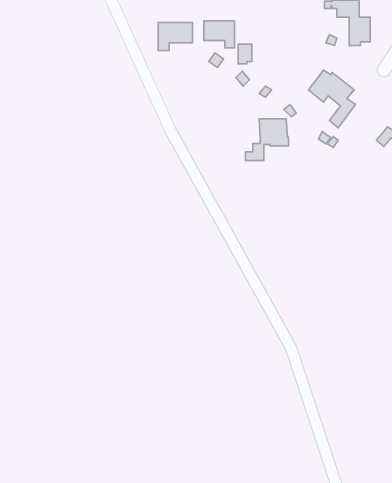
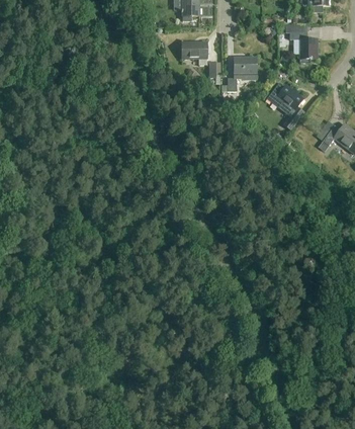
building: [158,22,193,51] -> none
building: [245,119,289,161] -> [221,57,257,91]

